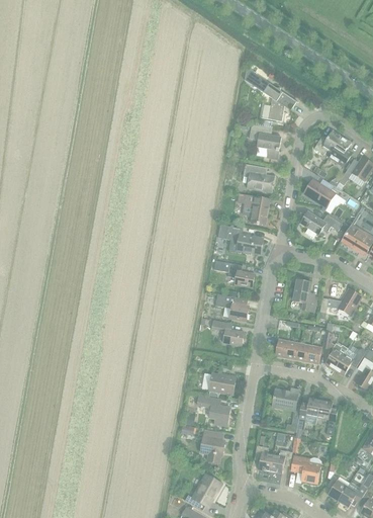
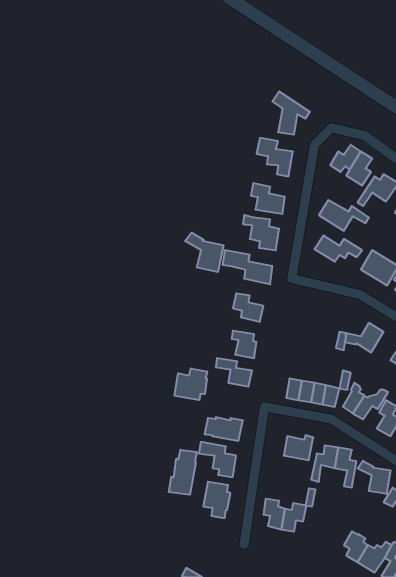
building: none -> [185,233,224,272]
building: [292,279,315,311] -> none
building: none -> [175,368,207,400]
building: none -> [169,450,197,495]
building: none -> [358,461,391,494]
building: [291,456,320,484] -> none
building: [184,474,219,510] -> none

